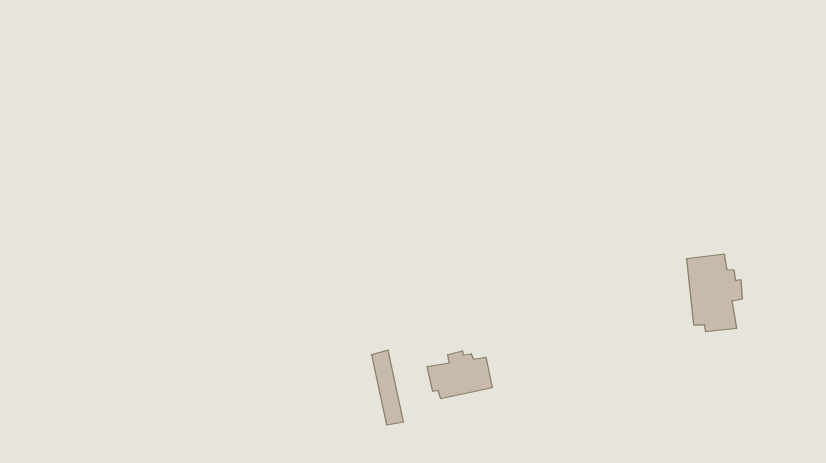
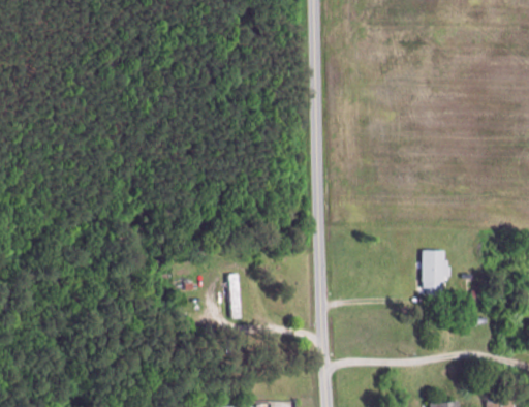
building: [427,351,492,399] -> none

